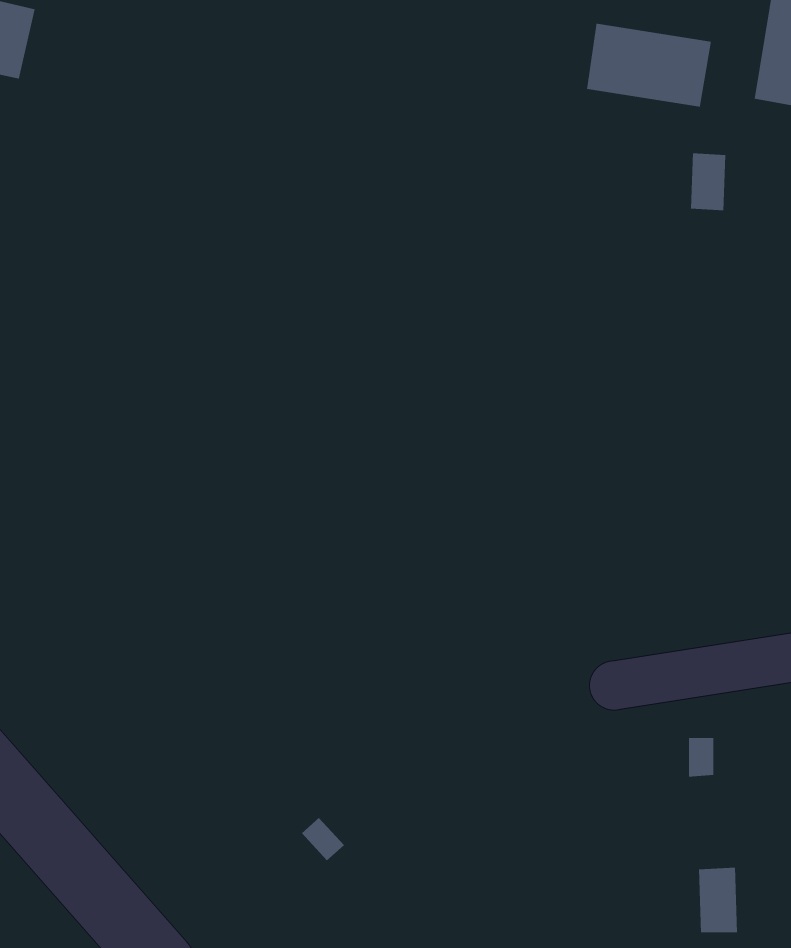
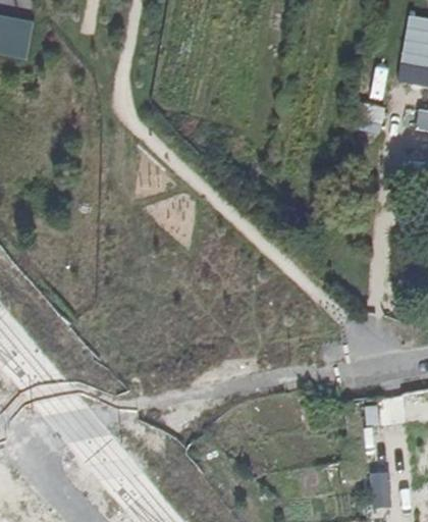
building: [586,23,711,108] -> none

